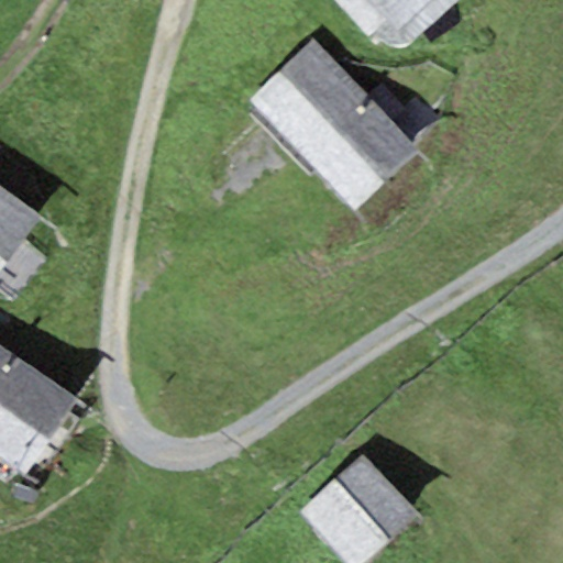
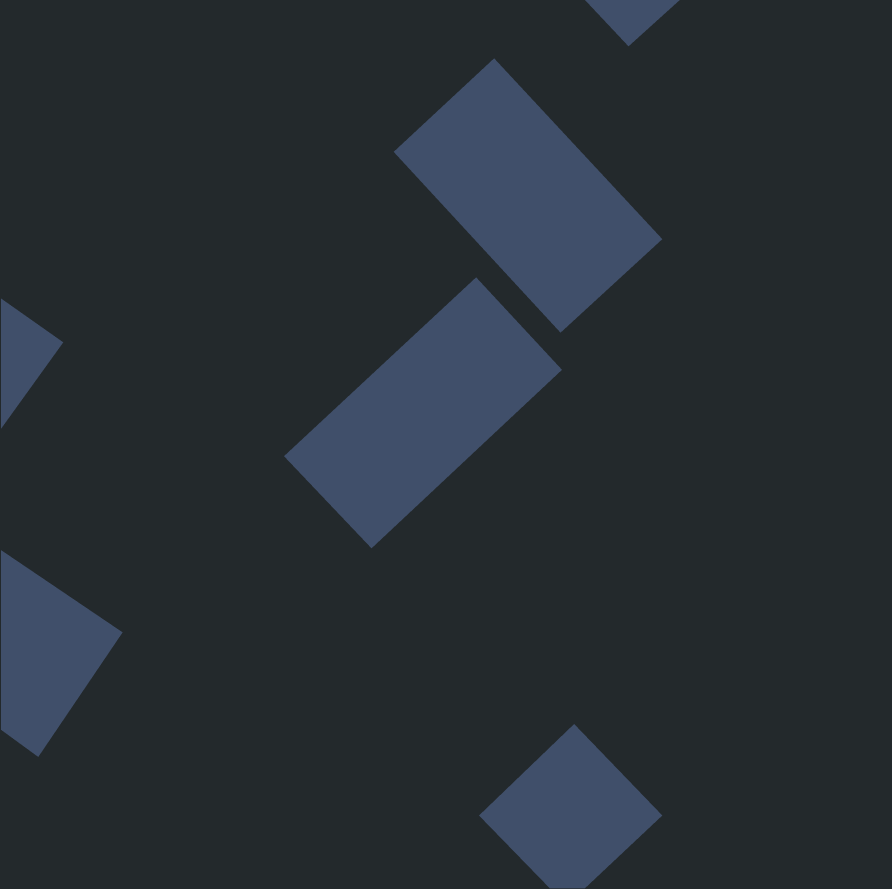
building: none -> [283,277,563,549]

